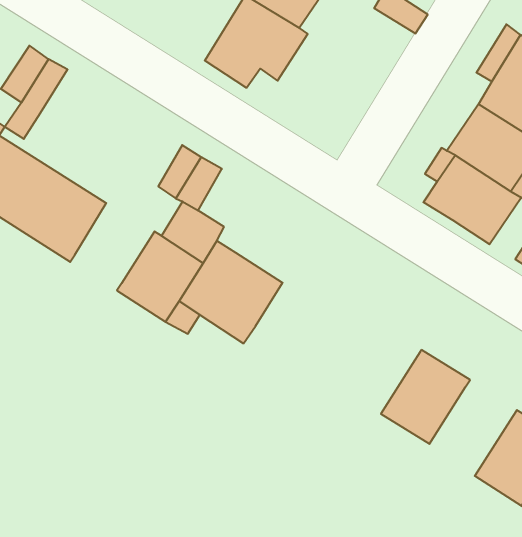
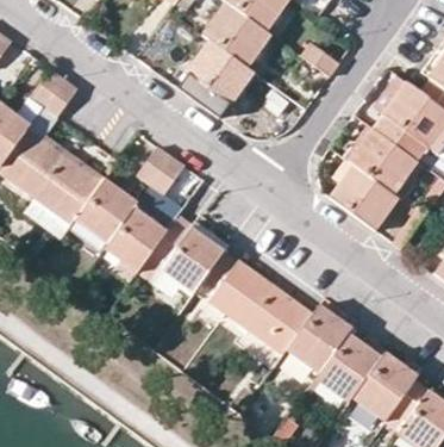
building: none -> [76,178,138,242]
building: none -> [202,249,313,354]
building: none -> [317,333,382,402]

